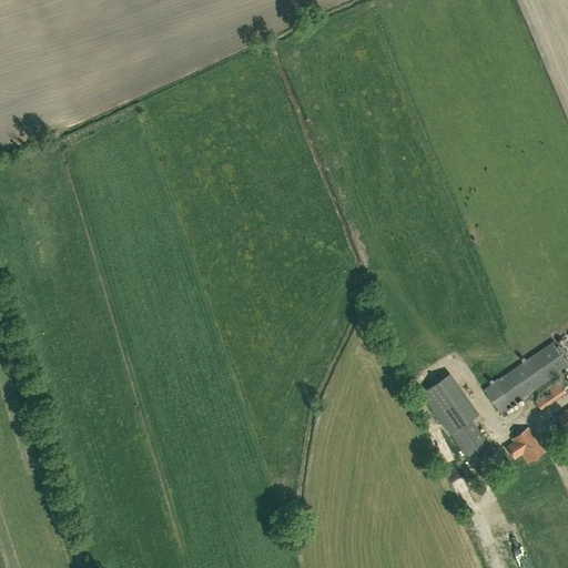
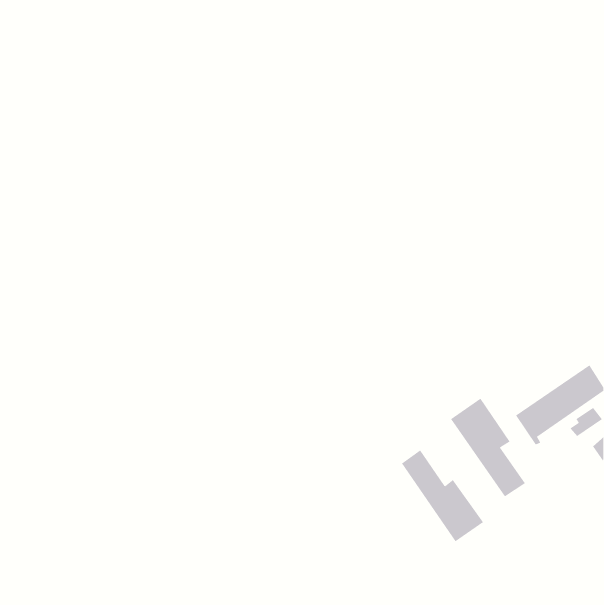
building: none -> [401,449,484,542]
building: [506,427,545,464] -> none

